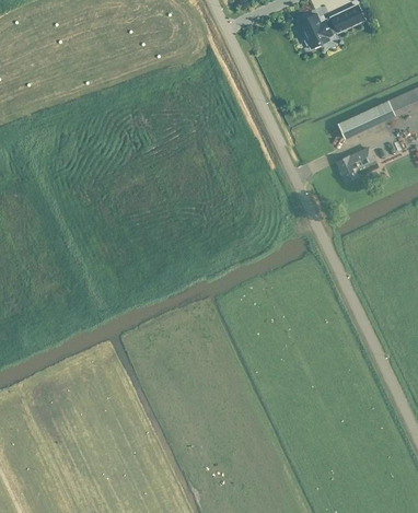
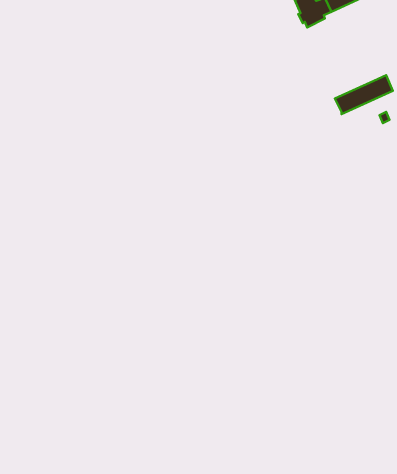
building: [336,144,373,179] -> none

